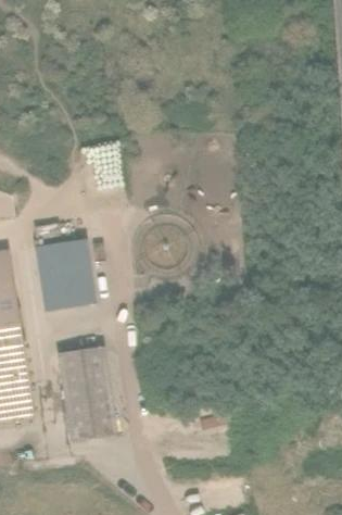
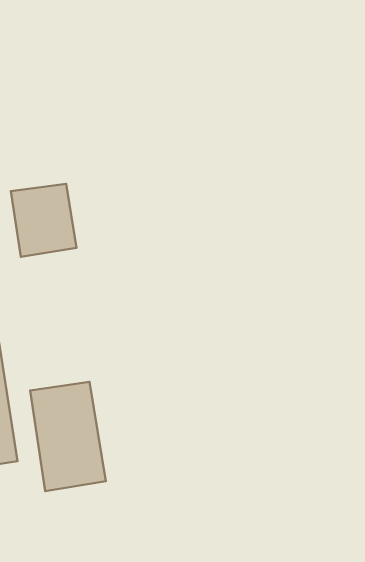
building: [38,246,94,309] -> [11,184,76,257]

